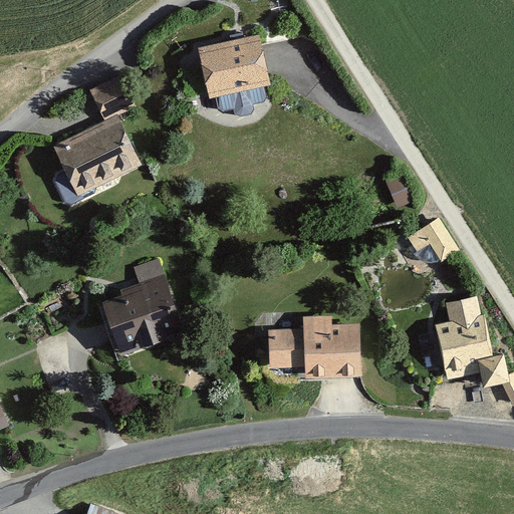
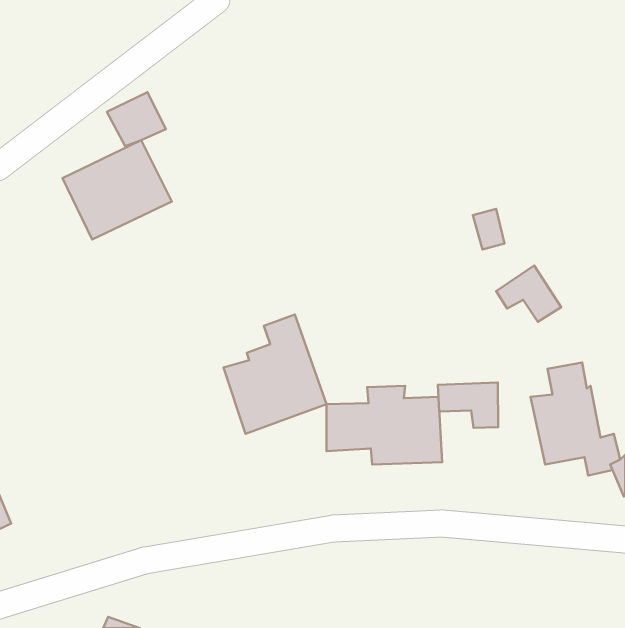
building: [196,34,269,99] -> none
building: [99,259,184,356] -> [223,315,327,434]
building: none -> [438,383,498,428]

